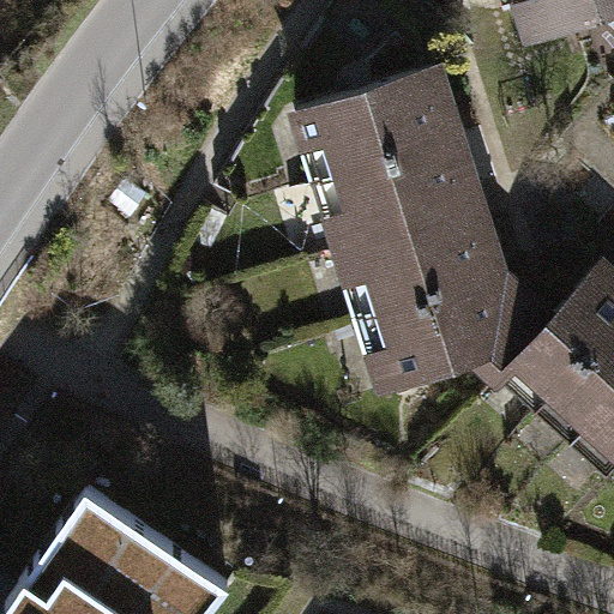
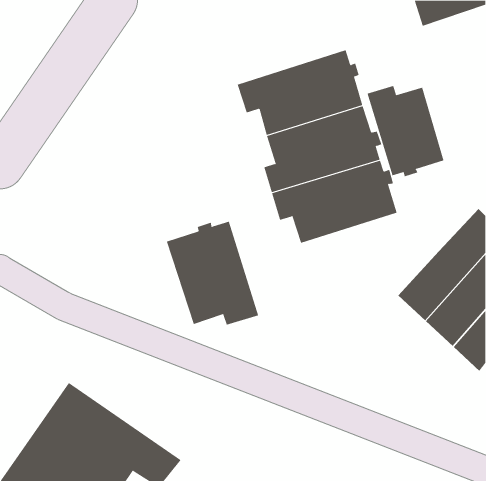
building: none -> [367,85,444,177]
building: [374,275,553,387] -> none
building: none -> [166,221,259,326]

